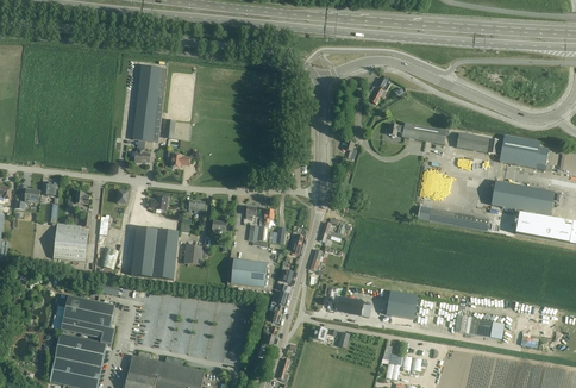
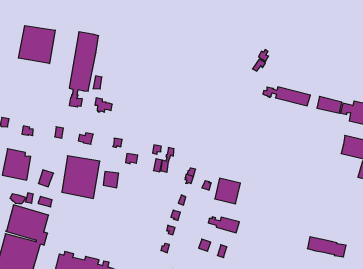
building: none -> [18,26,55,64]
building: [226,257,267,286] -> none
building: [381,289,413,321] -> [215,178,240,204]

